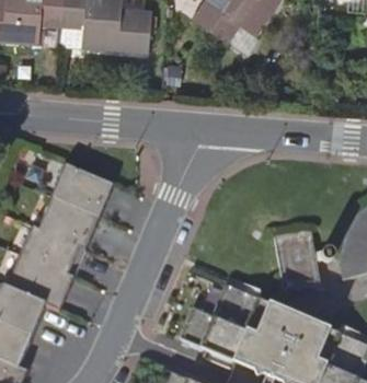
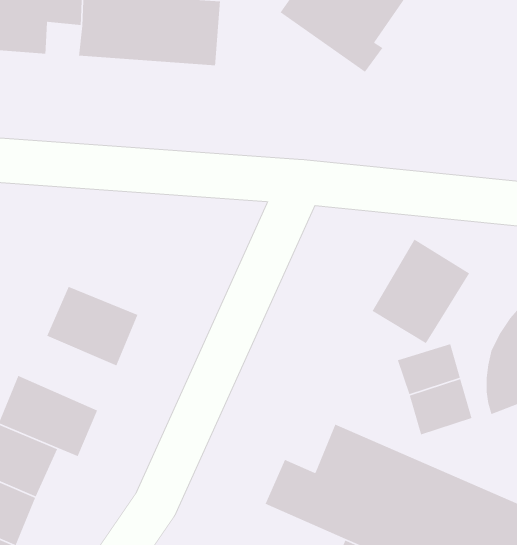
building: [54,162,113,213] -> none
building: none -> [372,239,470,344]
building: [21,224,85,276] -> none

